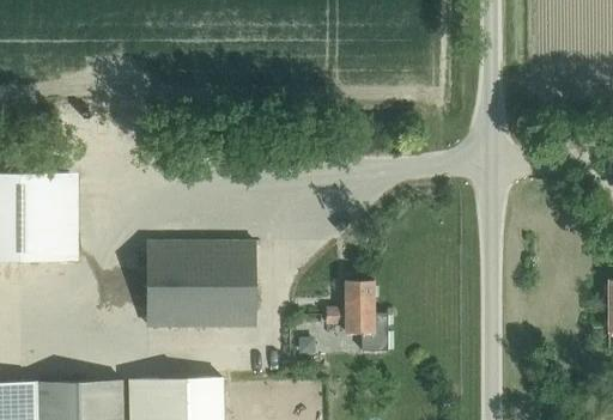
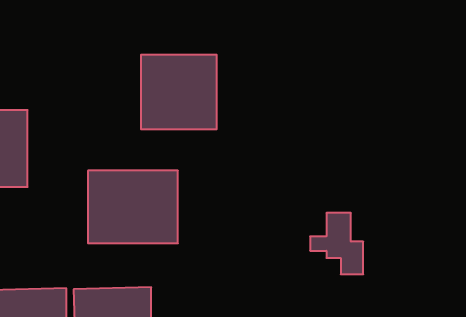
building: none -> [141,55,217,129]
building: [324,280,387,352] -> [310,213,363,274]

